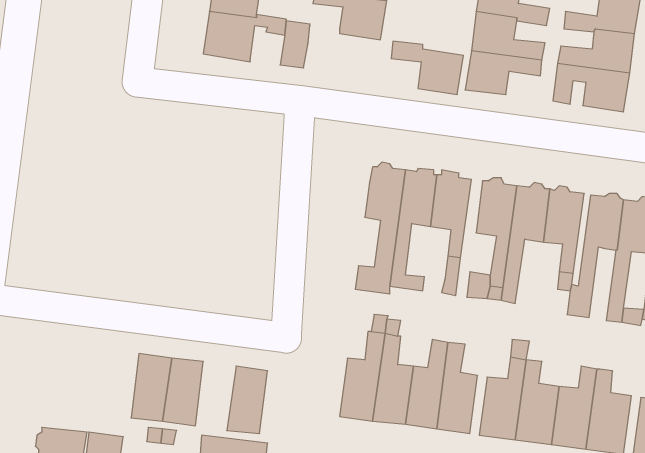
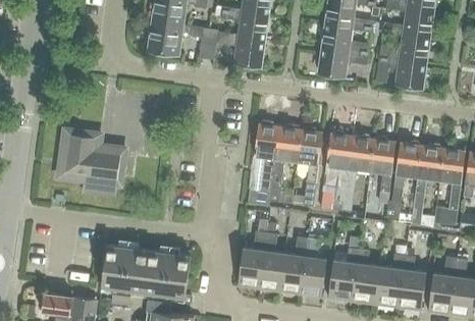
building: [391,41,463,95] -> [216,32,263,66]
building: none -> [57,129,124,195]
building: none -> [143,250,169,295]

